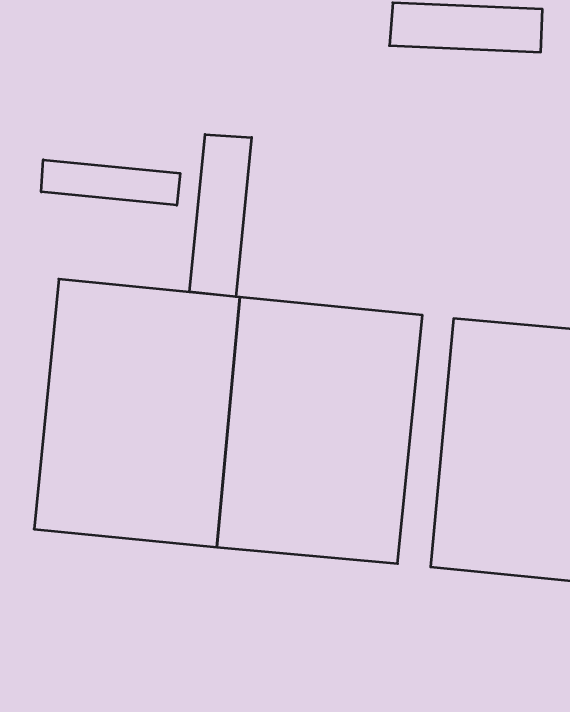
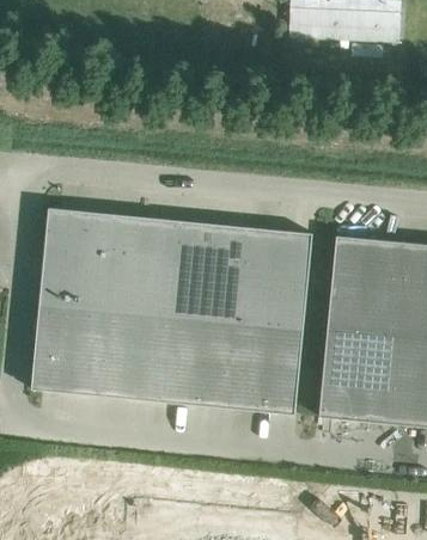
building: [190,134,252,297] -> none
building: [41,160,180,205] -> none

